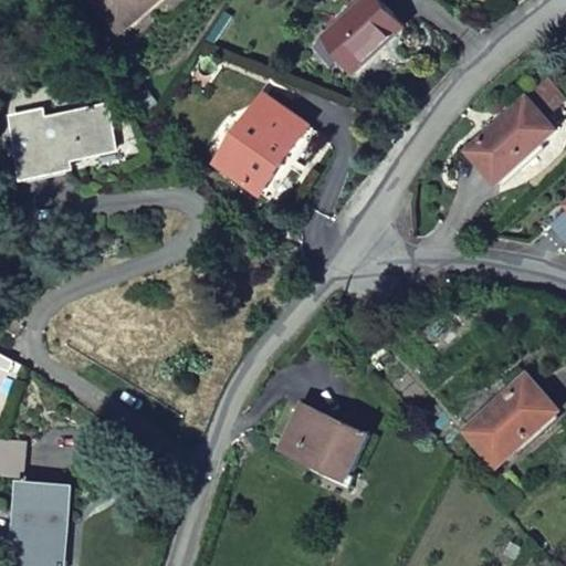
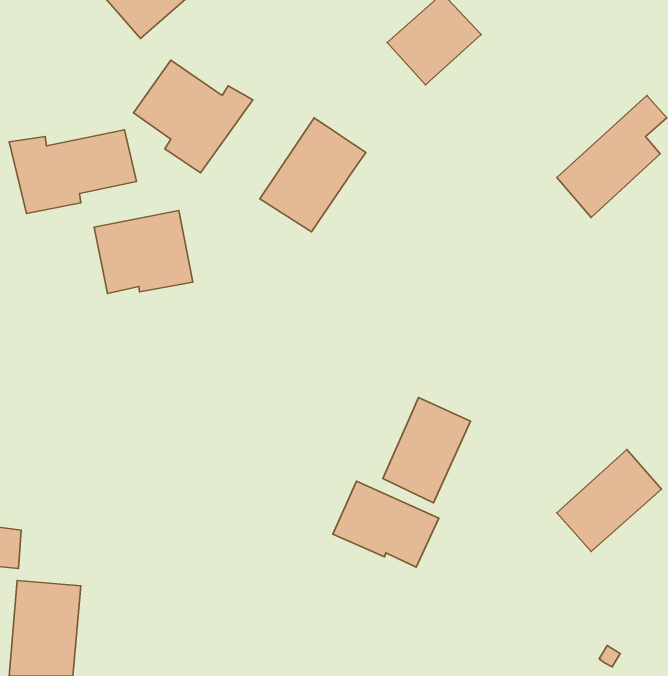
building: none -> [134,60,253,173]
building: none -> [94,211,193,294]
building: none -> [383,397,470,503]

